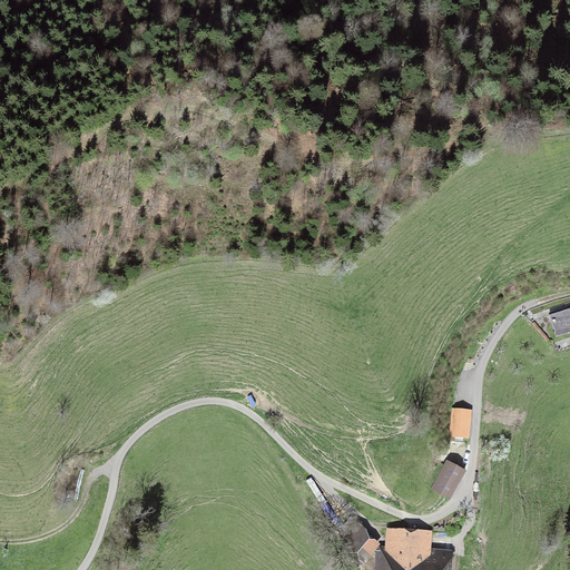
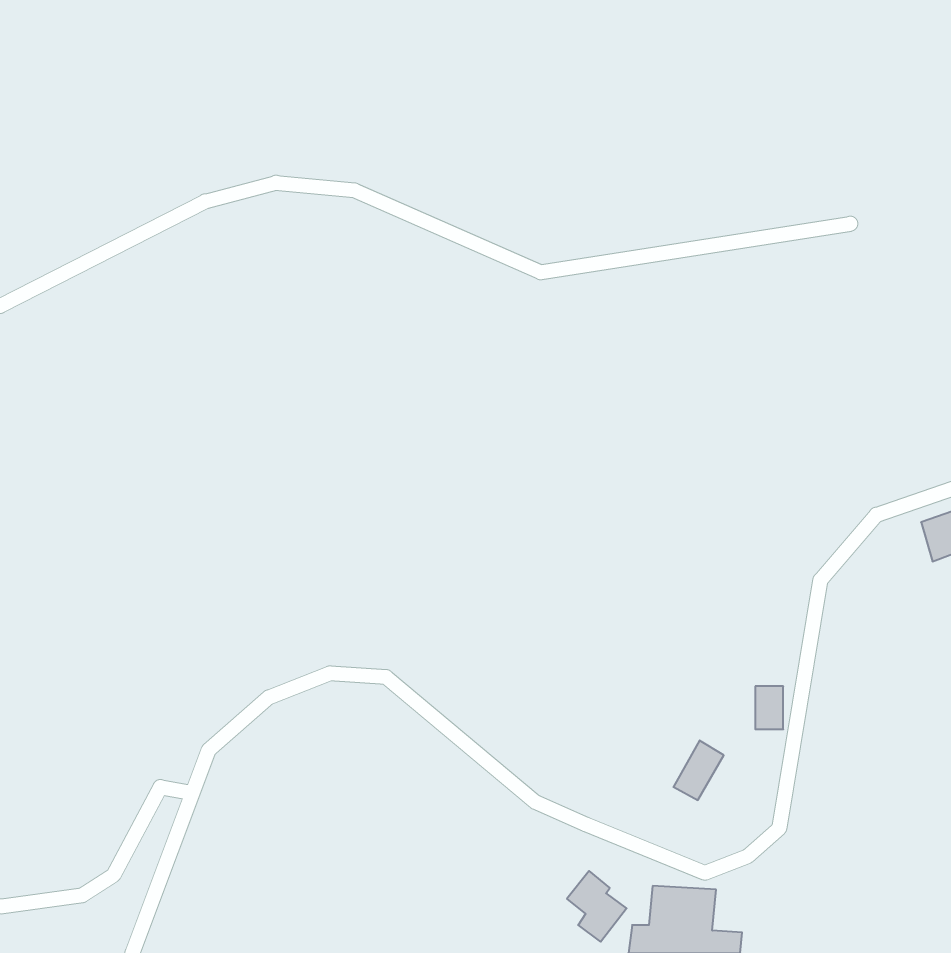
building: [433,462,463,498] -> [673,740,724,800]

